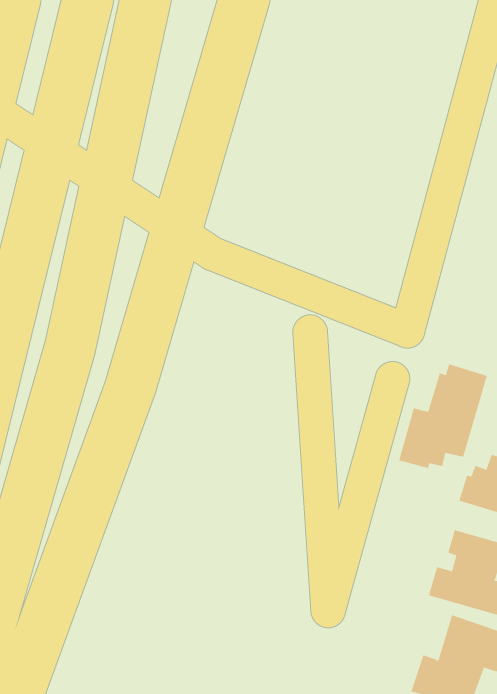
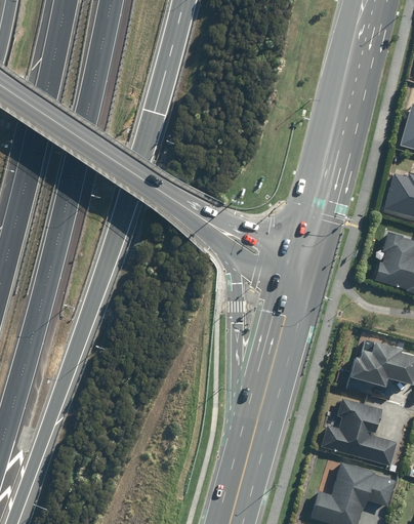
building: [398,363,487,469] -> none

